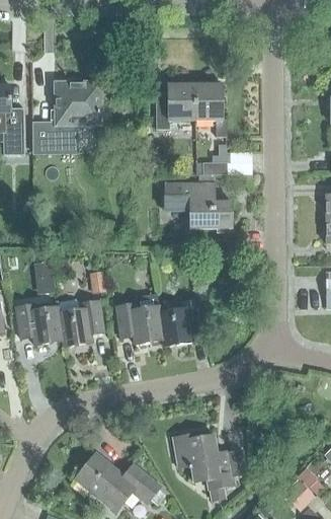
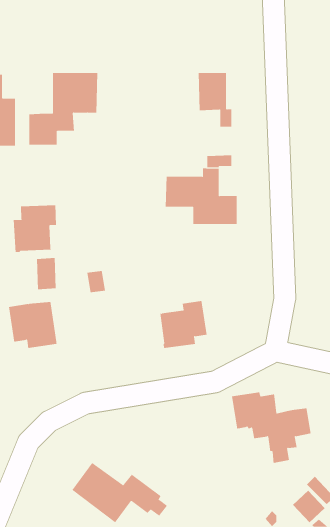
building: [156,84,196,129] -> none
building: none -> [13,205,57,253]
building: [116,294,163,345] -> none
building: [57,298,104,347] -> none
building: [172,434,248,502] -> [231,392,311,463]

